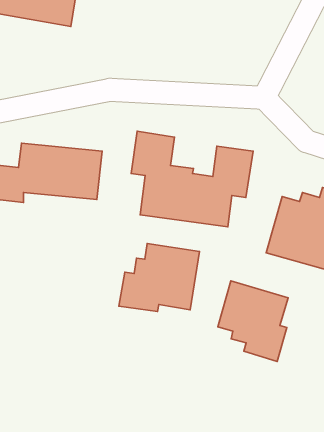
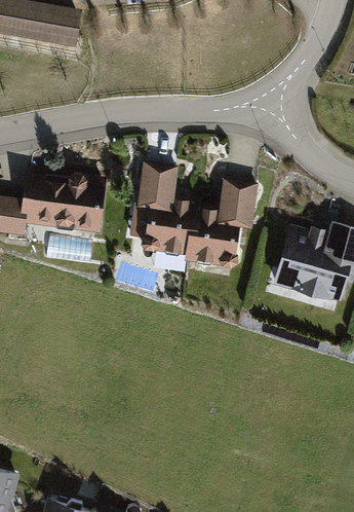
building: [119,244,200,312] -> none
building: [218,281,288,361] -> none

